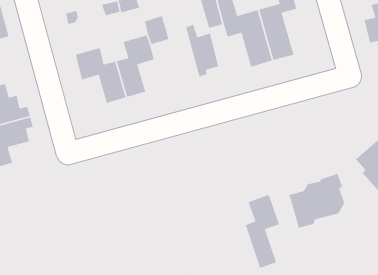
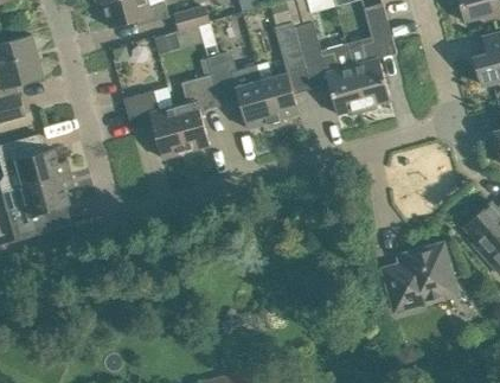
building: none -> [235,64,274,128]
building: [245,194,280,269] -> none

